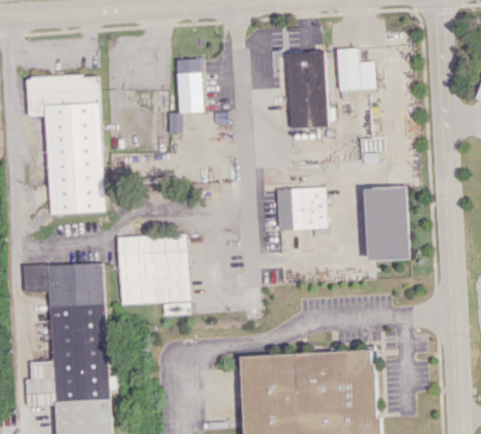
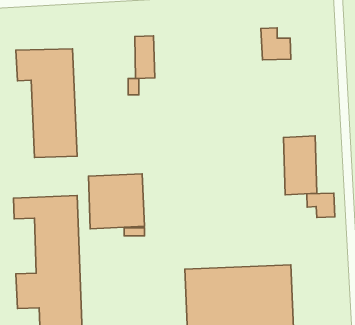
building: [288,51,327,129] -> none
building: [276,187,328,237] -> none
building: none -> [307,193,335,217]

